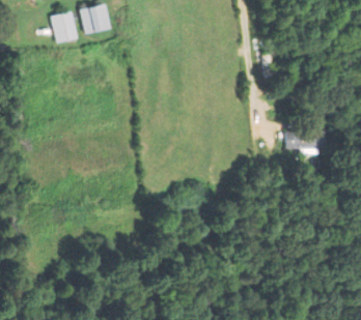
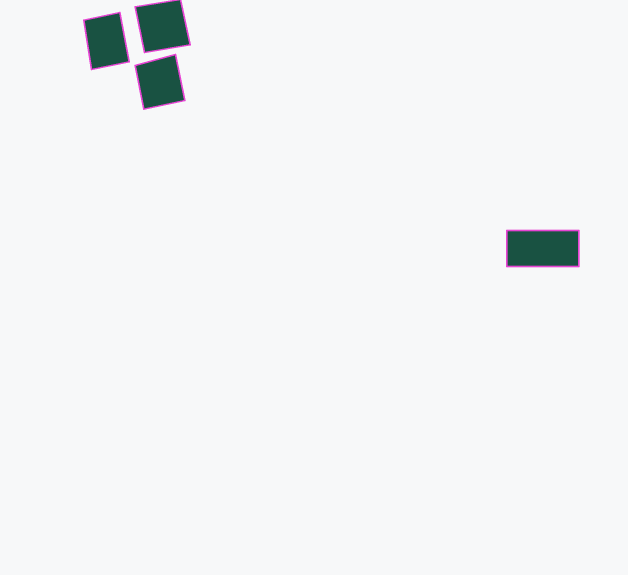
building: none -> [135,55,185,109]

